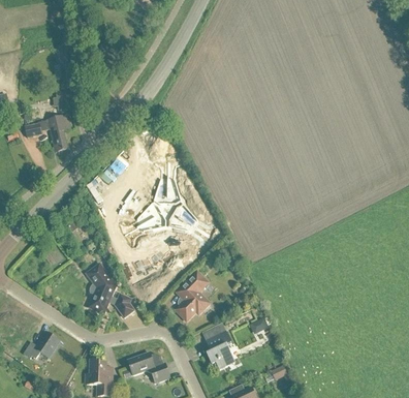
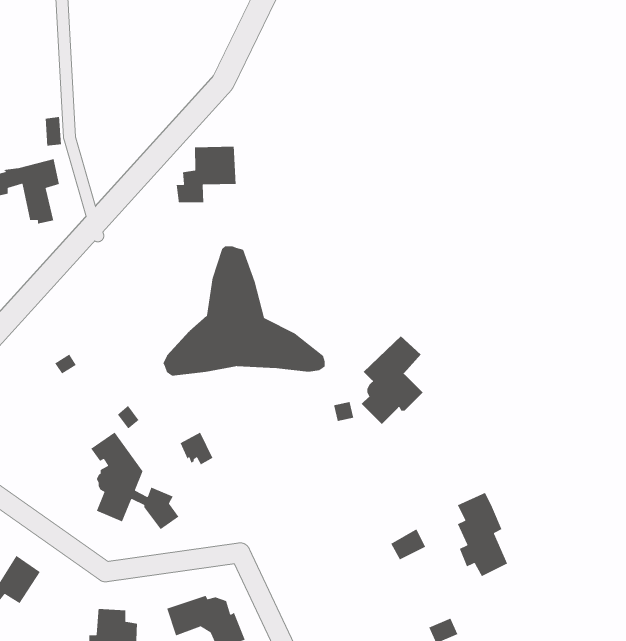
building: none -> [176,146,236,203]
building: [175,272,209,320] -> [361,336,424,425]
building: [206,323,233,369] -> [457,492,508,577]

